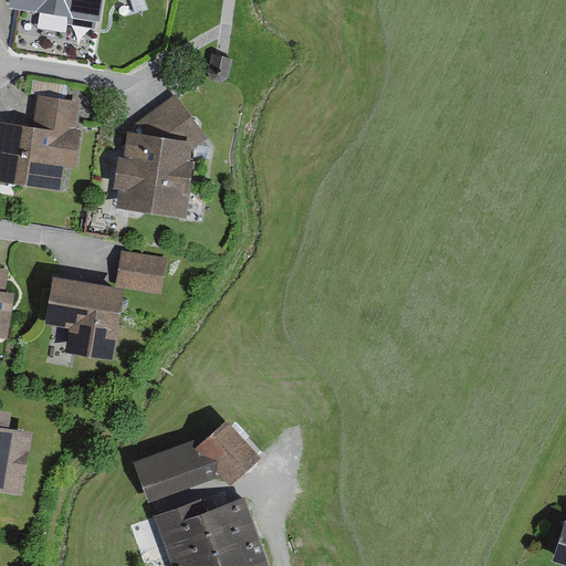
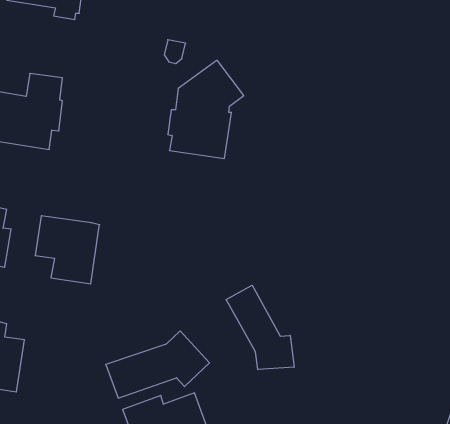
building: [113,94,208,217] -> [168,60,244,158]
building: [115,251,166,297] -> none
building: none -> [226,285,294,370]

